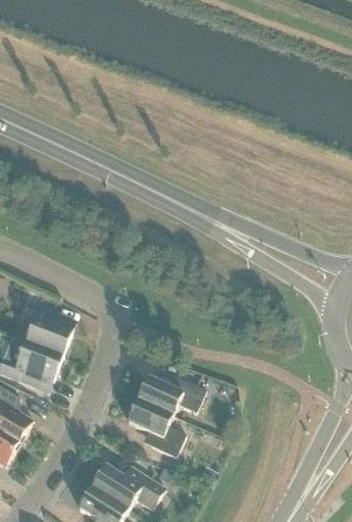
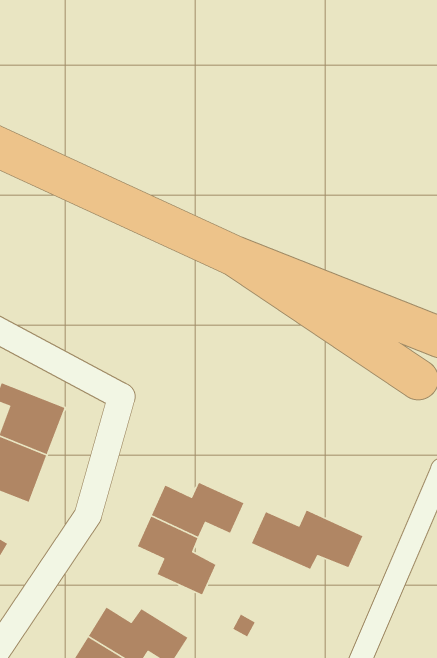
building: none -> [251,510,364,570]

